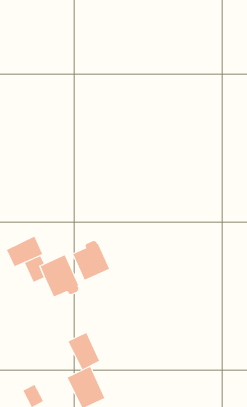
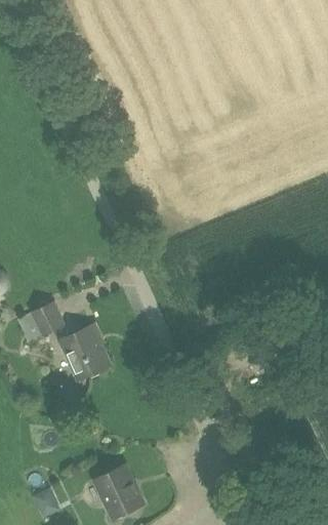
building: [73,240,110,280] -> none
building: [68,332,100,370] -> none

